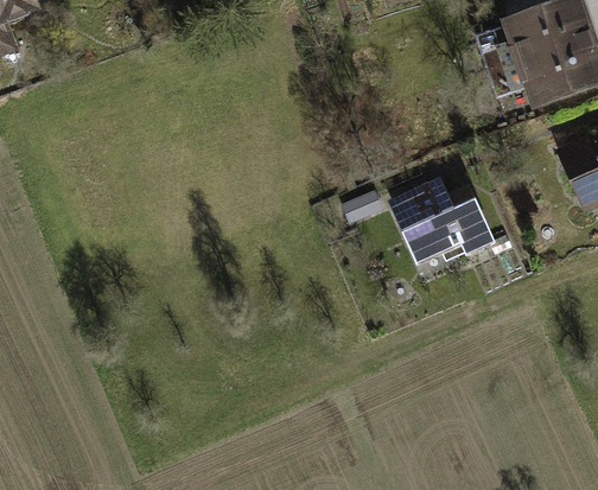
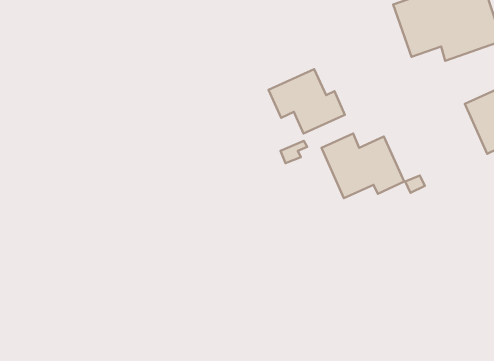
building: none -> [269,69,345,133]

